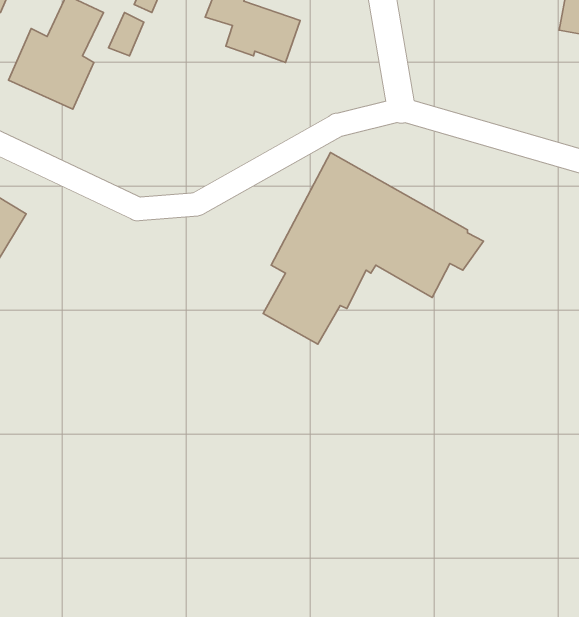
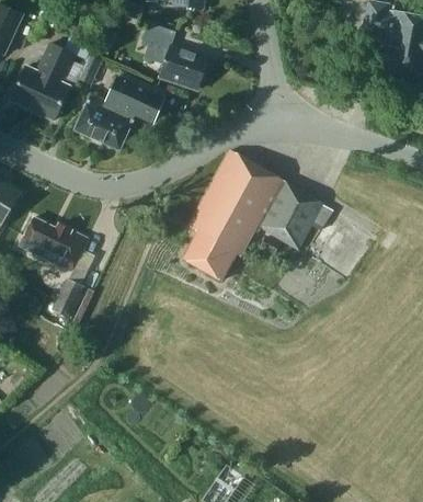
building: none -> [73,77,163,150]
building: none -> [19,217,85,271]
building: none -> [50,278,82,318]

